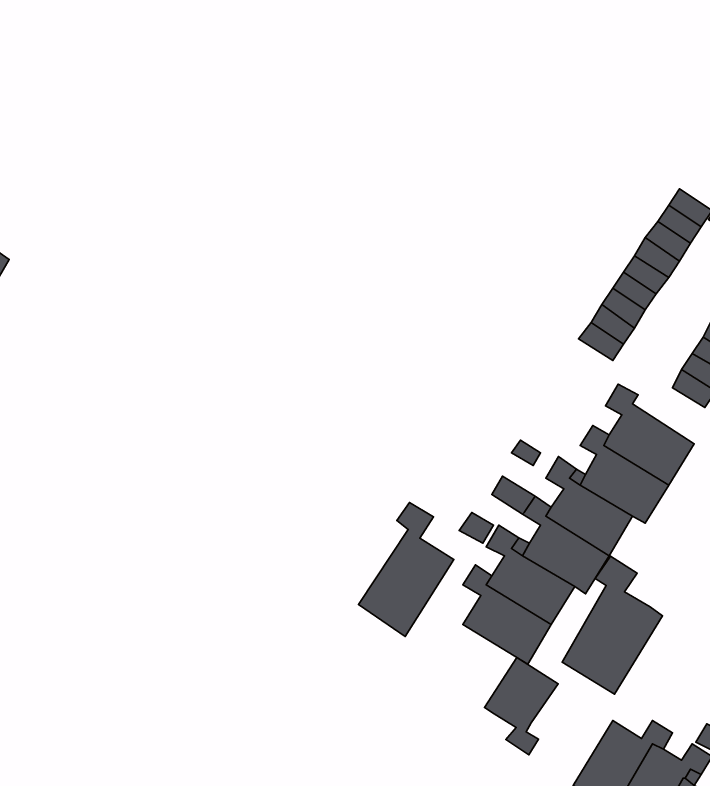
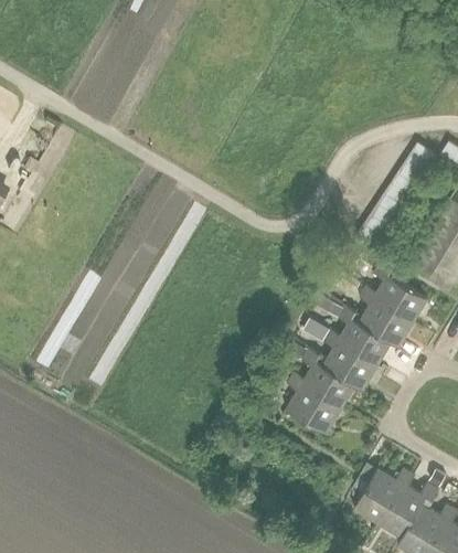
building: [358,502,454,636] -> none
building: [562,556,663,694] -> none
building: [485,658,558,755] -> none

